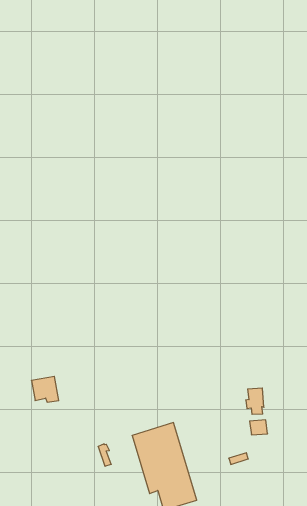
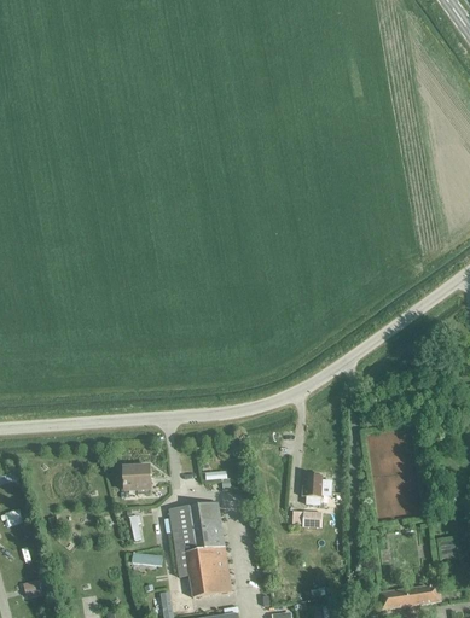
building: [31,376,59,402] -> [122,465,150,492]

